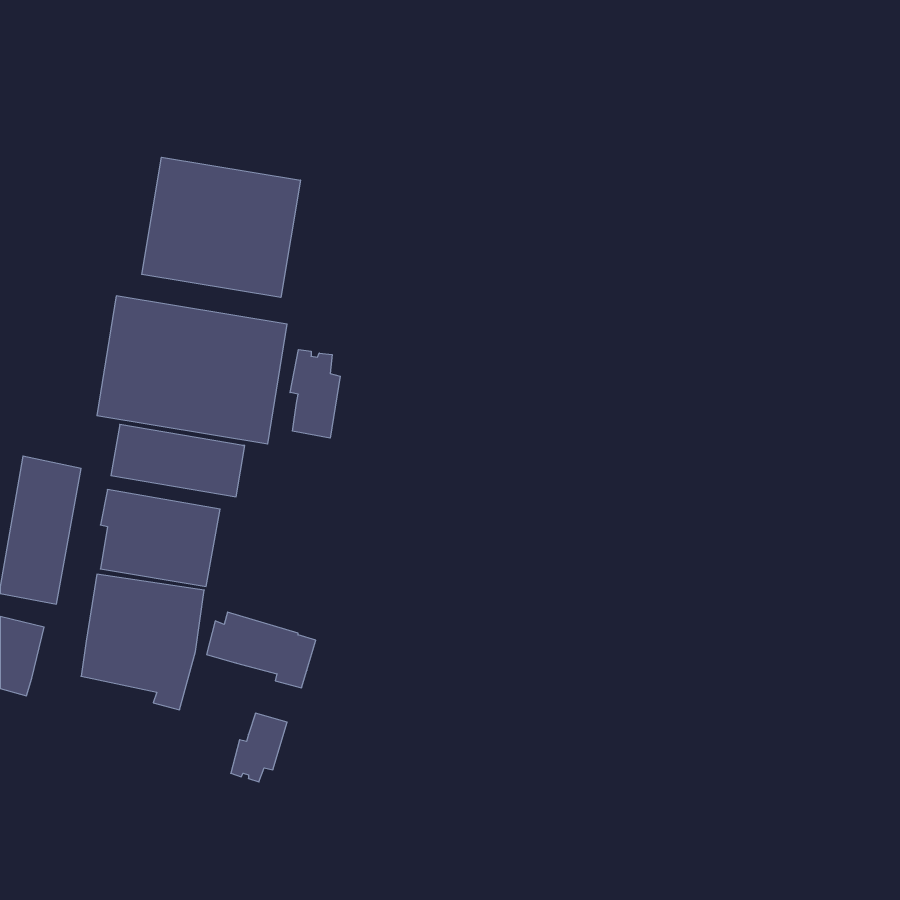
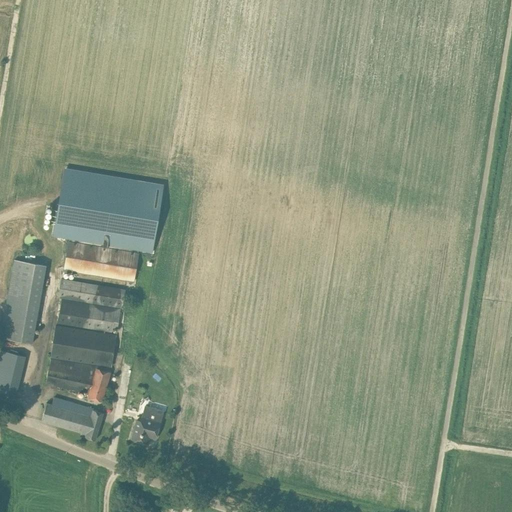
building: [142,157,300,297] -> none
building: [290,350,340,438] -> none
building: [207,612,316,688] -> [41,397,103,440]

